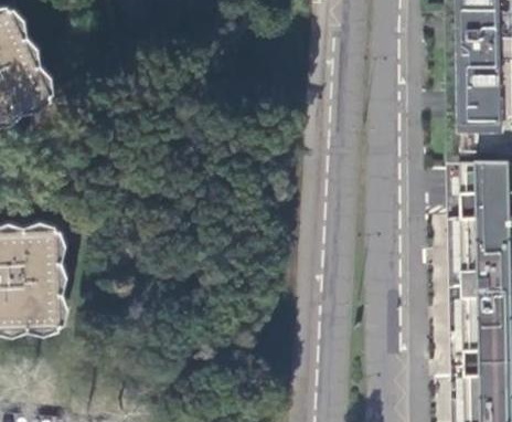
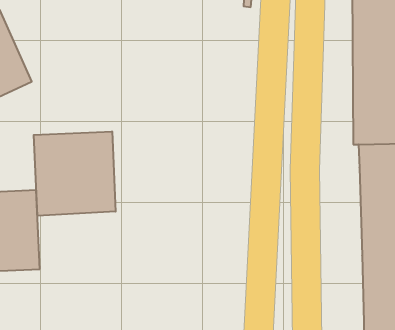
building: none -> [34,131,116,216]

